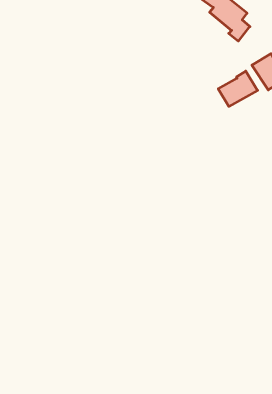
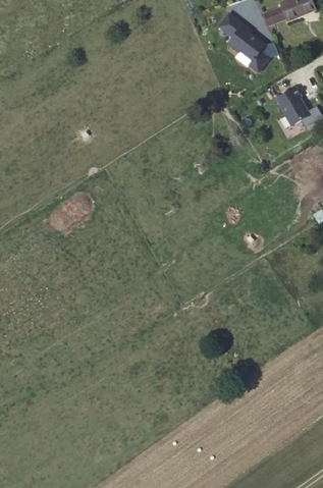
building: [218,71,258,106] -> none

